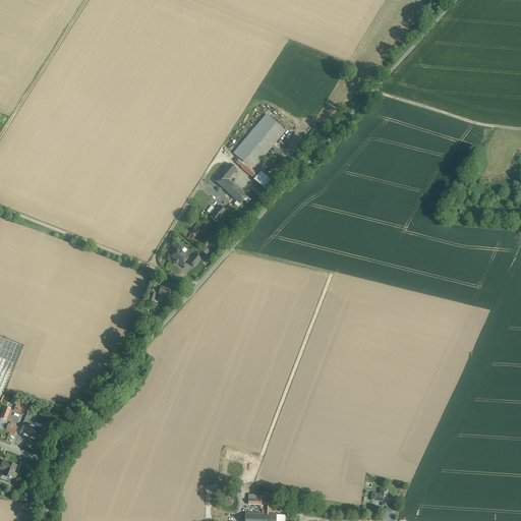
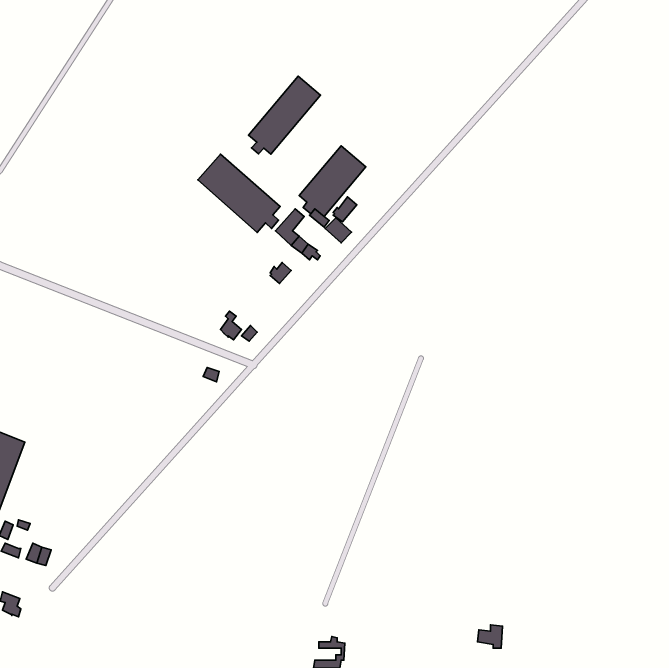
building: none -> [248,76,321,154]
building: none -> [198,154,280,232]

